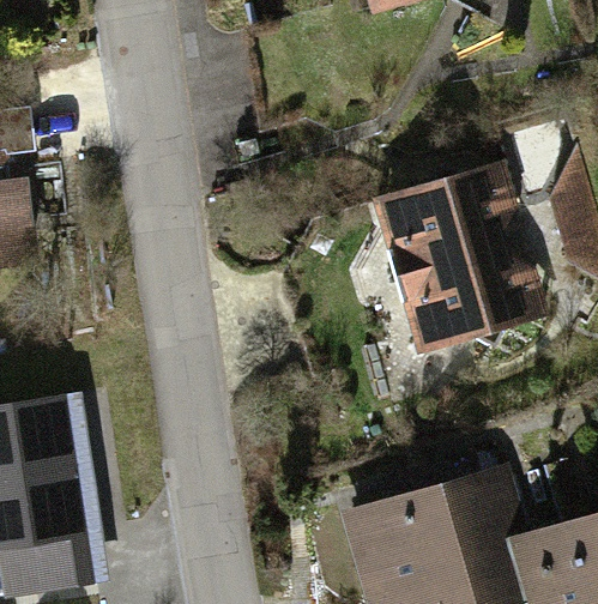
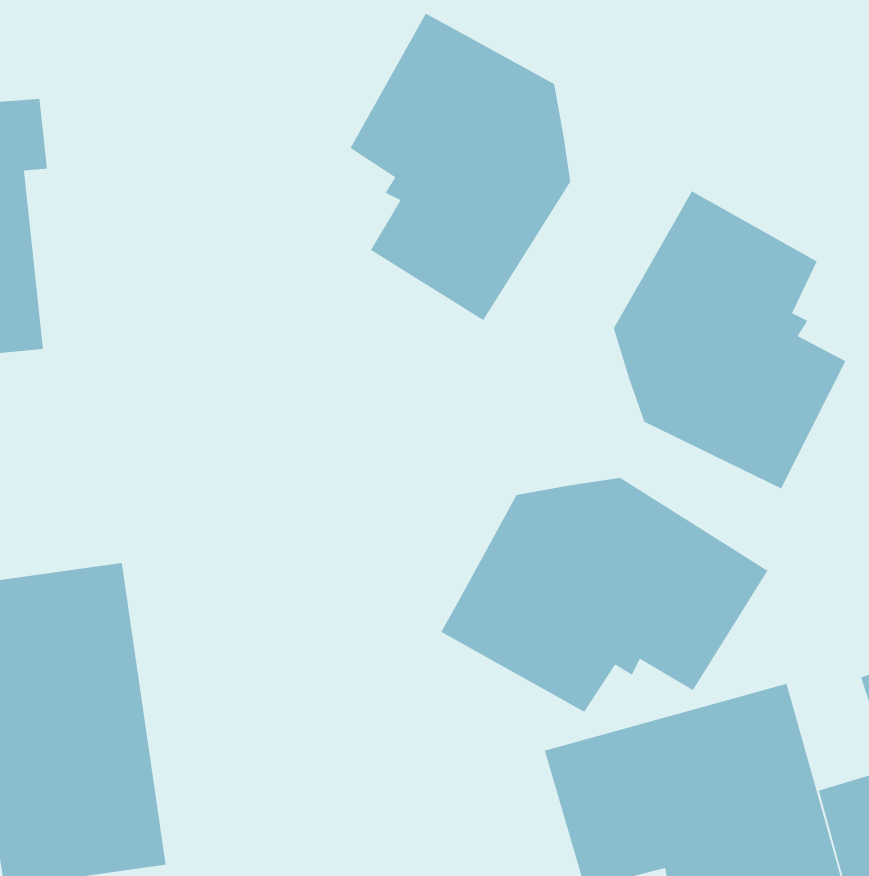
building: none -> [350,12,571,321]
building: none -> [440,477,769,713]

